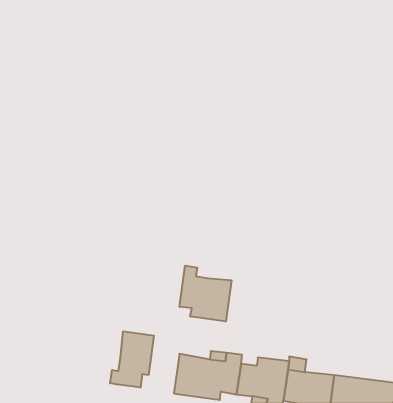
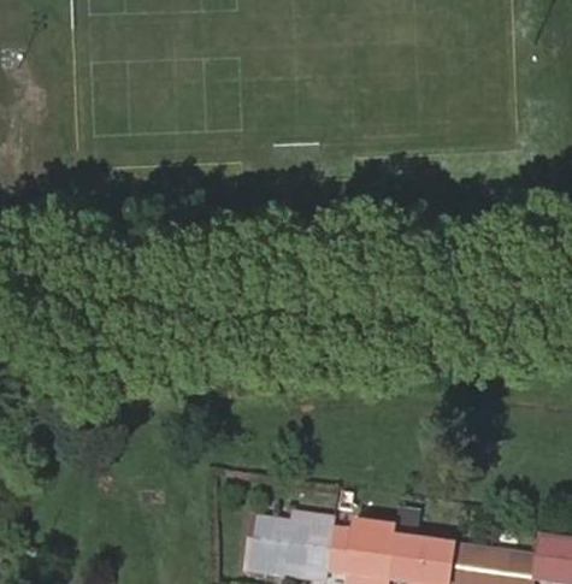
building: [180,266,232,322] -> none
building: [110,331,154,388] -> none

